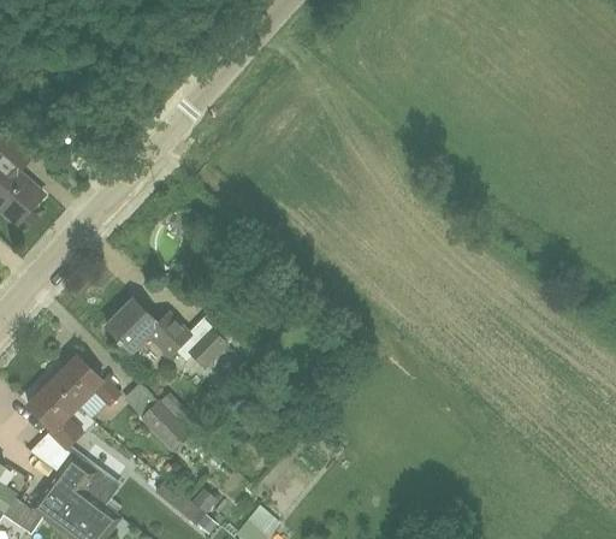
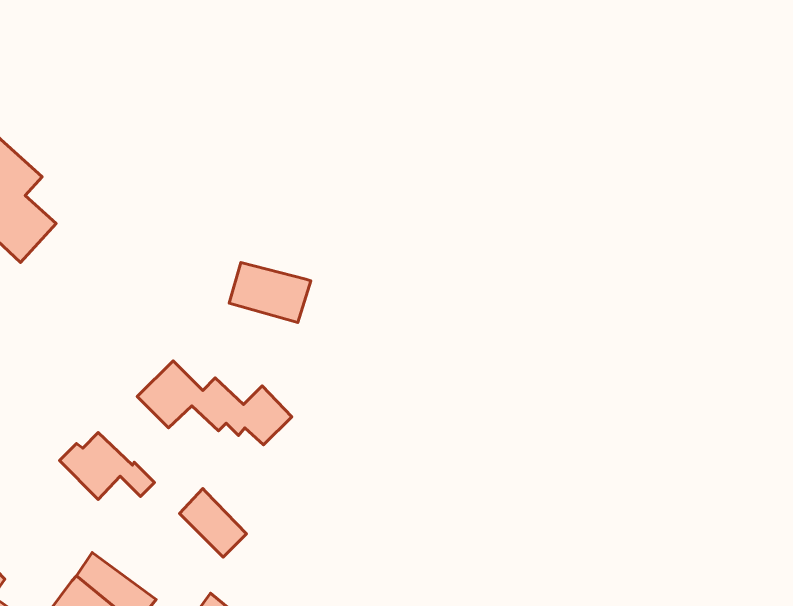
building: none -> [229,262,311,322]
building: [28,377,83,448] -> none

